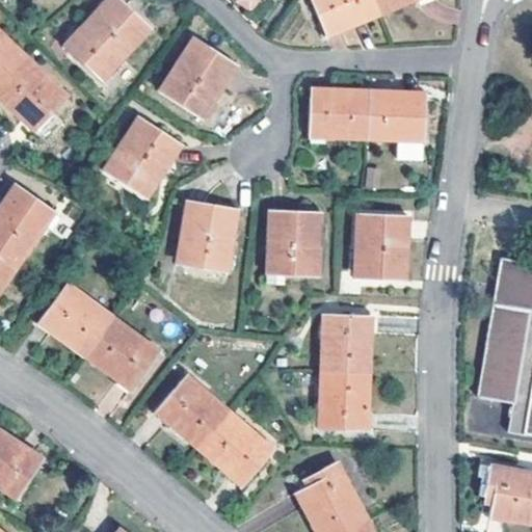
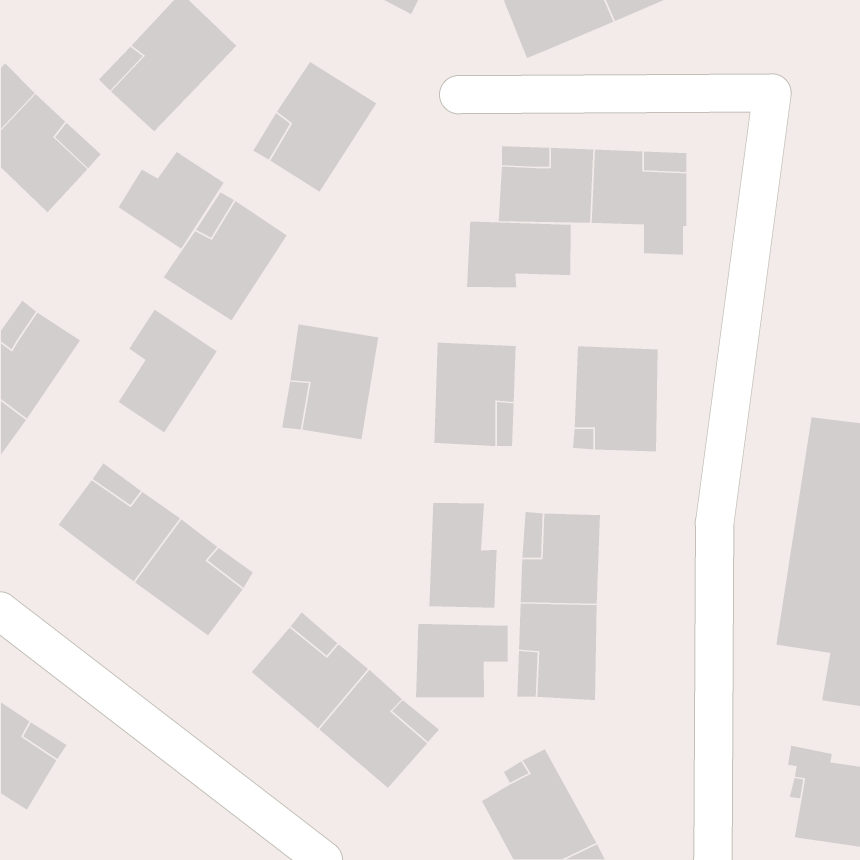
building: none -> [117,151,225,250]
building: none -> [466,221,572,288]
building: none -> [117,308,218,433]
building: none -> [428,502,497,608]
building: none -> [415,623,508,698]

